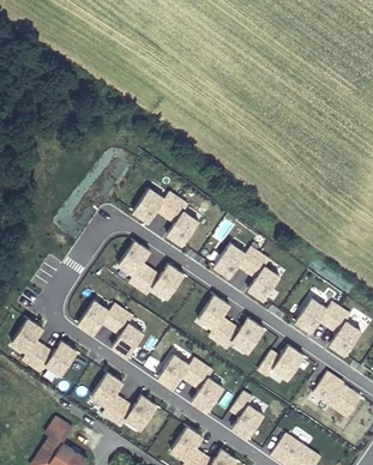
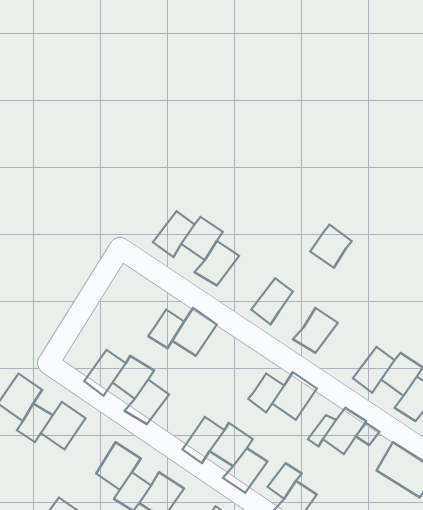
building: [114,242,151,280] -> none
building: [235,246,269,280] -> [310,225,352,268]
building: [194,292,230,332] -> none

